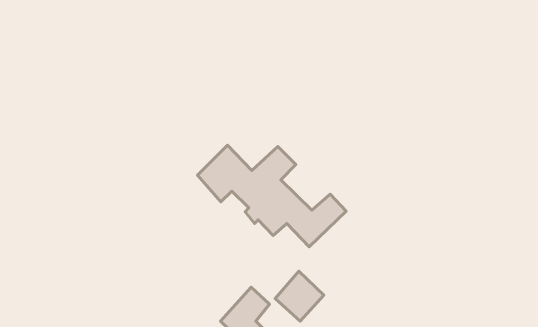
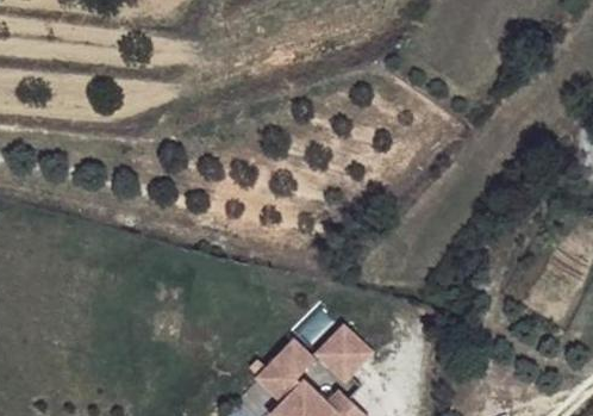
building: [197,145,346,247] -> none

